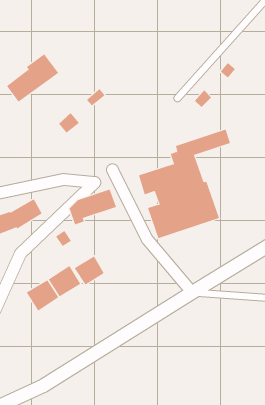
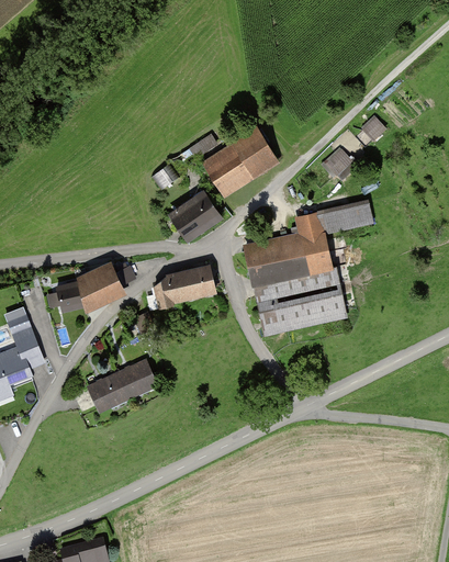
building: [6,53,59,102] -> [205,131,274,190]
building: none -> [169,193,220,239]
building: [74,256,105,285] -> none

